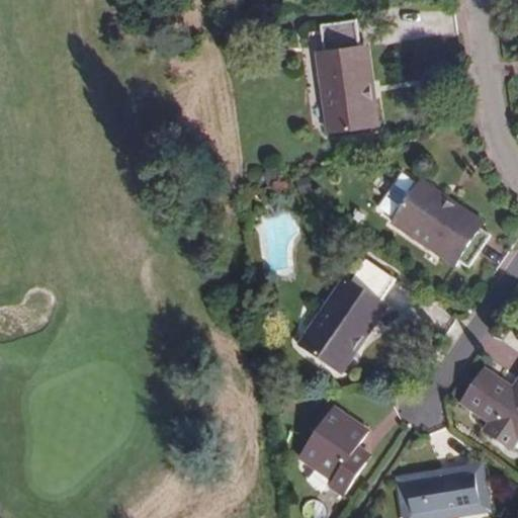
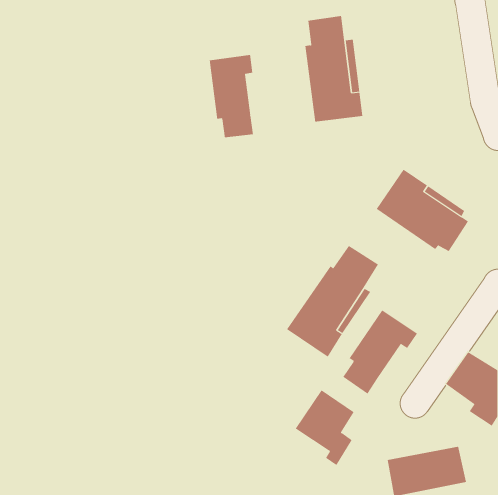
building: none -> [209,54,253,138]
building: none -> [343,309,418,394]

